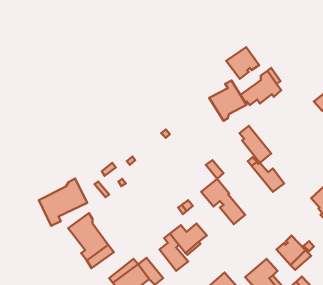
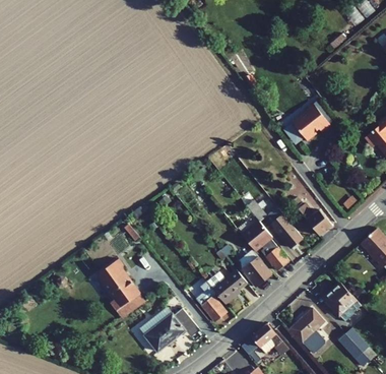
building: [226,47,259,79] -> none
building: [209,81,246,121] -> none
building: [239,126,271,163] -> [268,207,303,248]
building: [39,178,87,226] -> none
building: none -> [241,249,272,286]

